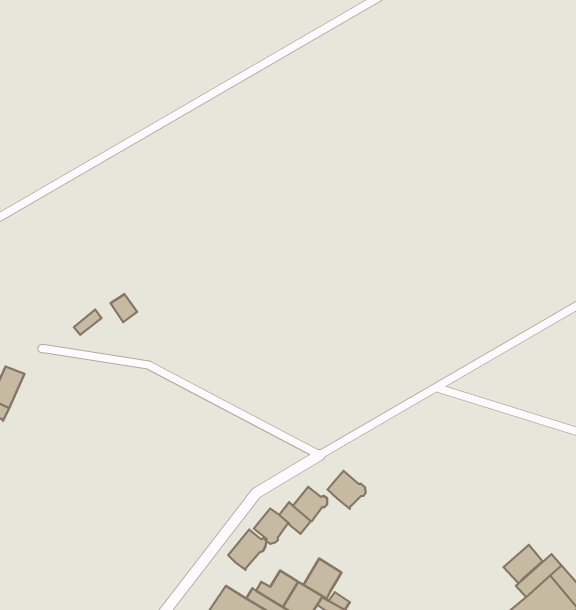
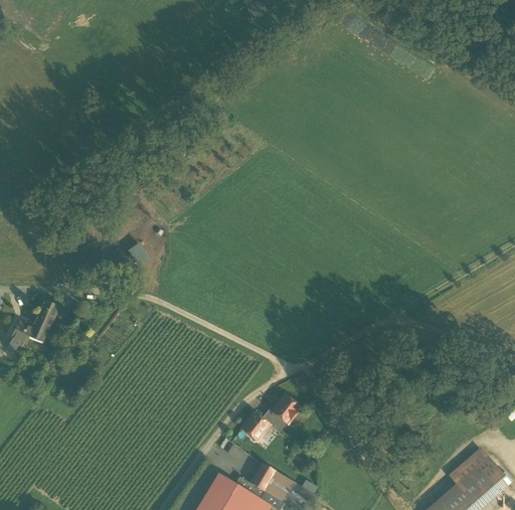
building: [328,471,365,509] -> none
building: [228,530,266,570] -> none
building: [504,545,542,583] -> none
building: [303,559,341,598] -> none

